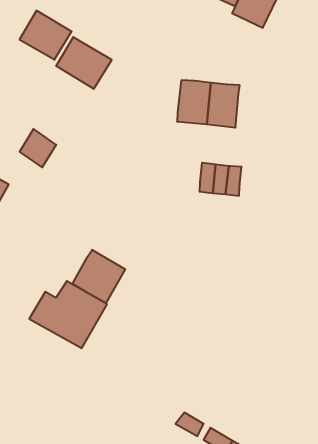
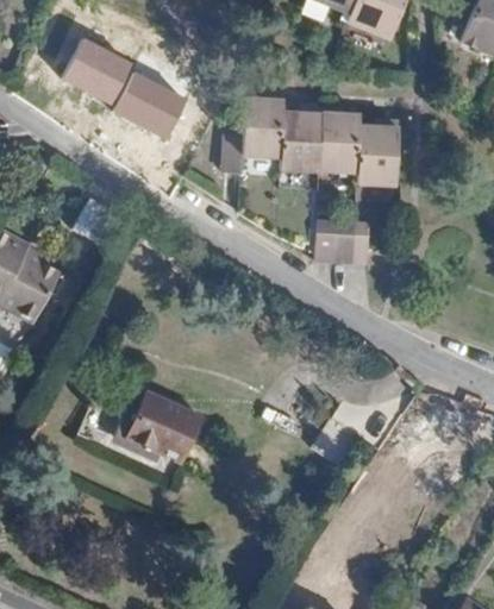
building: none -> [224,101,282,176]
building: none -> [355,131,396,187]
building: [73,250,125,303] -> none

